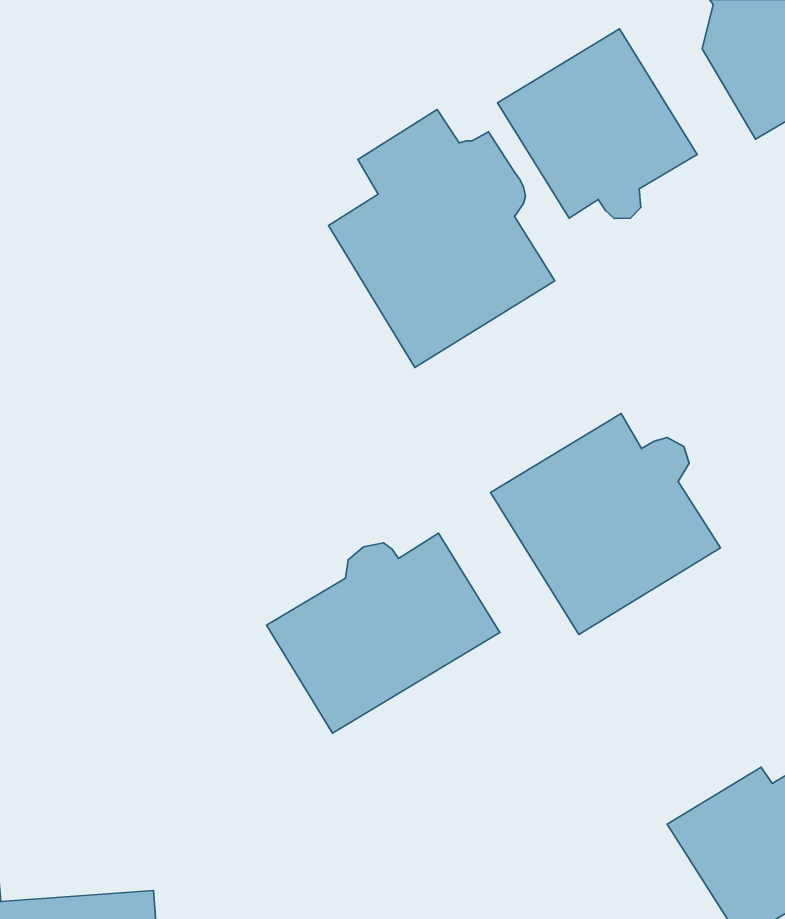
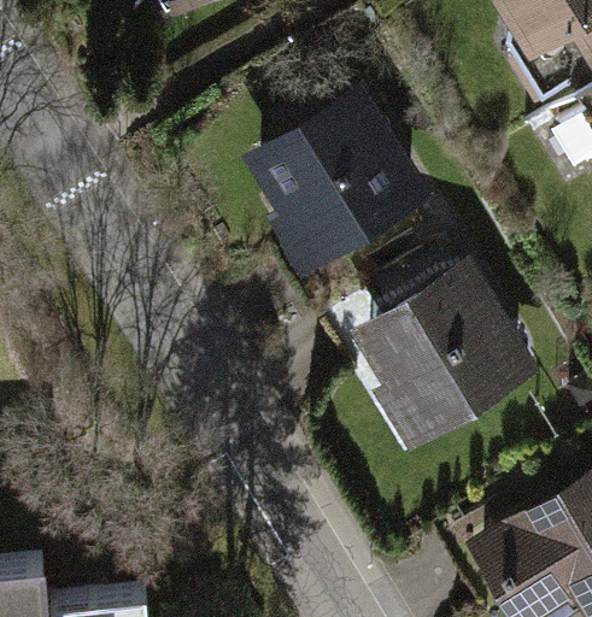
building: [497,29,697,219] -> none
building: [267,533,500,733] -> none

